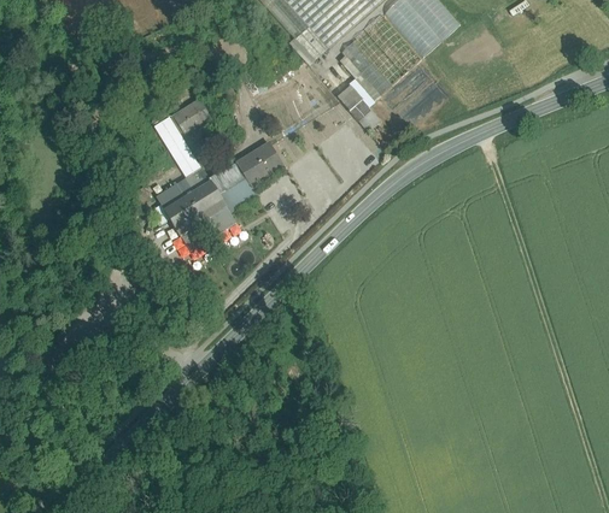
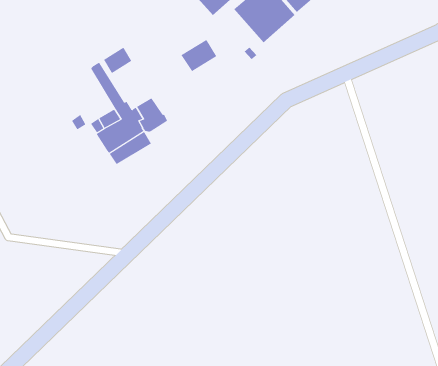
building: [234,141,281,183] -> [181,39,217,72]

